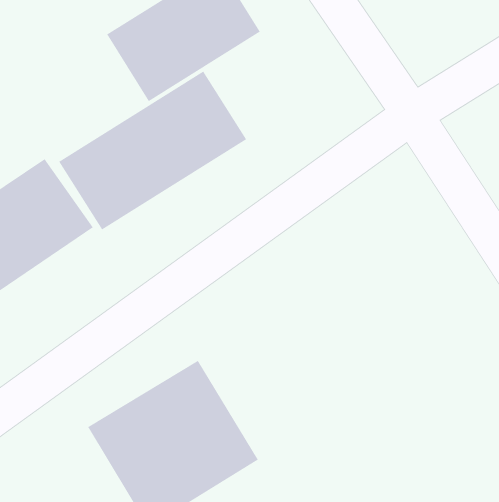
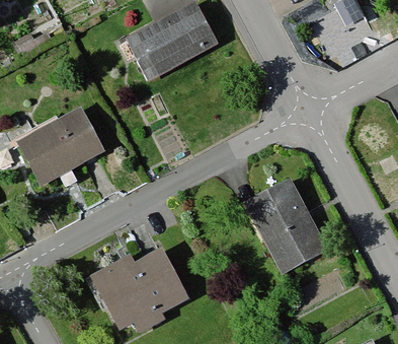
building: [58,71,247,231] -> none
building: none -> [243,176,327,274]

